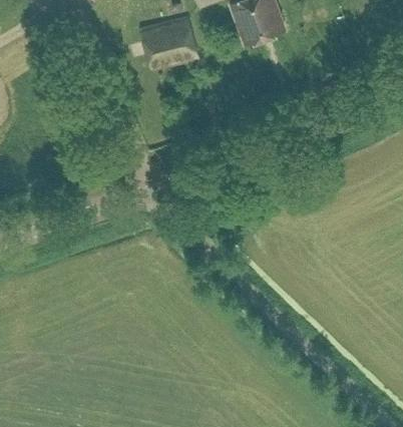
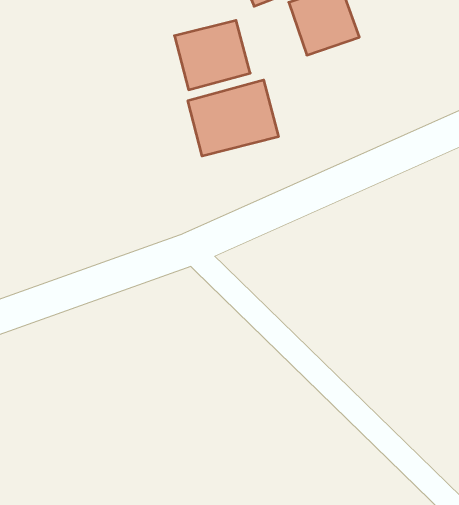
building: none -> [188,80,278,156]

